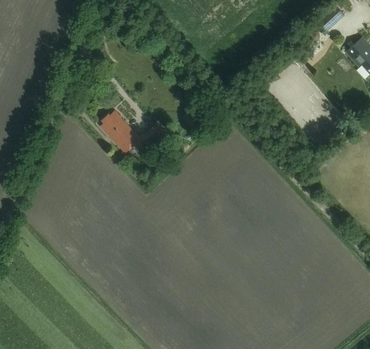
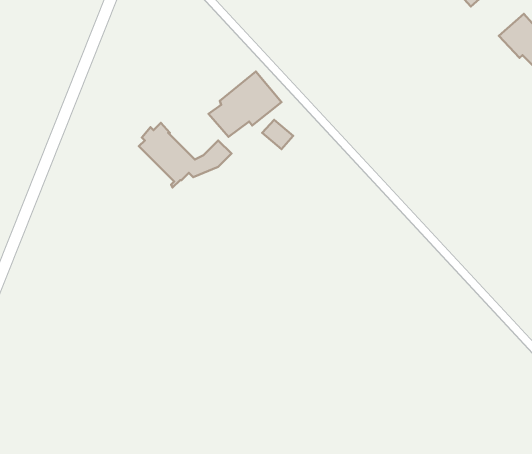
building: none -> [209,71,281,137]

